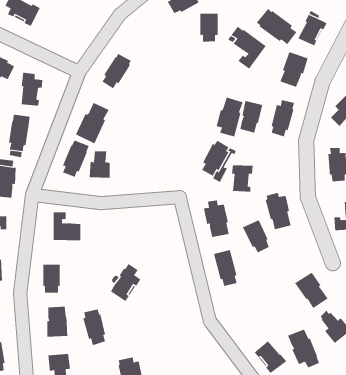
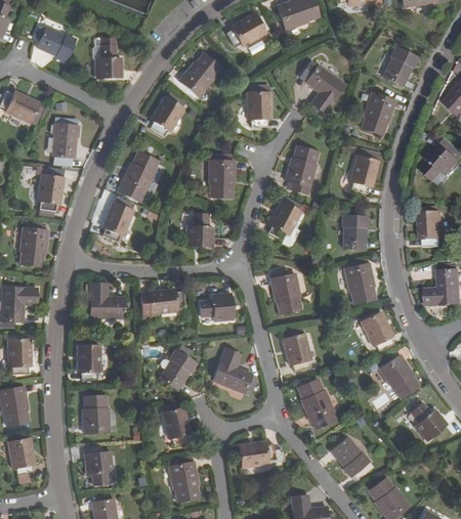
building: [256,8,297,45] -> none
building: none -> [95,45,122,78]
building: [200,13,218,42] -> [247,92,269,127]
building: none -> [178,53,220,97]
building: [240,100,263,133] -> none
building: none -> [208,154,235,197]
building: [89,151,110,178] -> [186,213,212,246]
building: [231,165,254,192] -> [341,215,368,248]
building: none -> [148,289,184,313]
building: [242,220,270,253] -> [361,311,393,351]
building: none -> [199,293,233,320]
building: none -> [212,348,255,395]
building: [83,309,106,346] -> [162,401,190,445]
building: [287,329,320,368] -> [297,379,336,426]
building: none -> [239,441,284,467]

